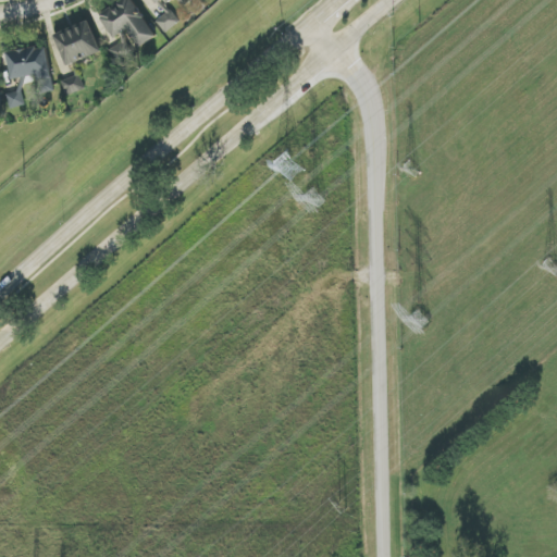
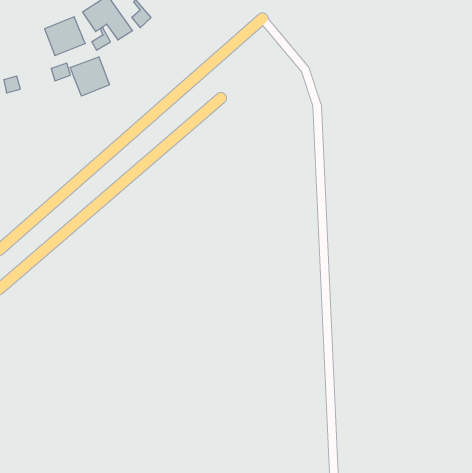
building: [7,47,48,78] -> none
building: none -> [70,57,110,96]

